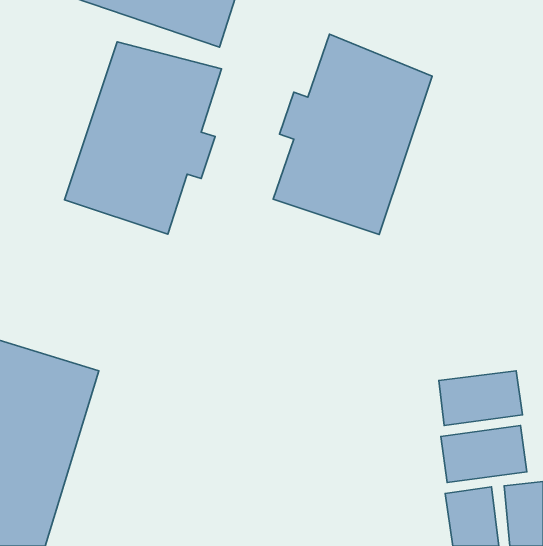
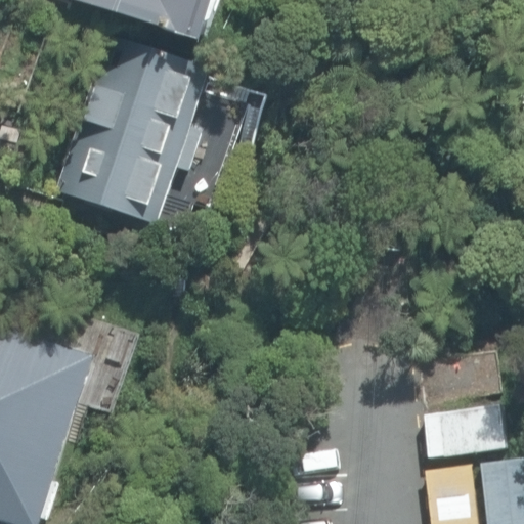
building: [273,34,432,235] -> none

